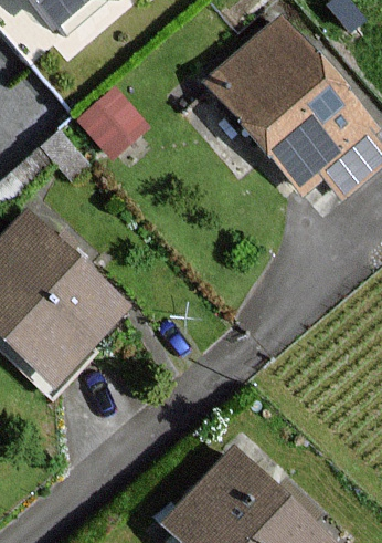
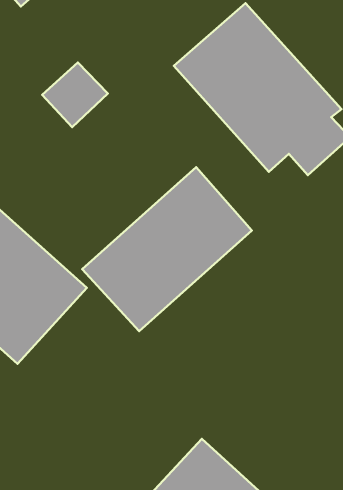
building: none -> [82,167,252,331]

